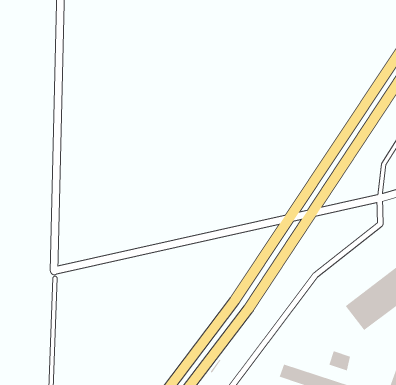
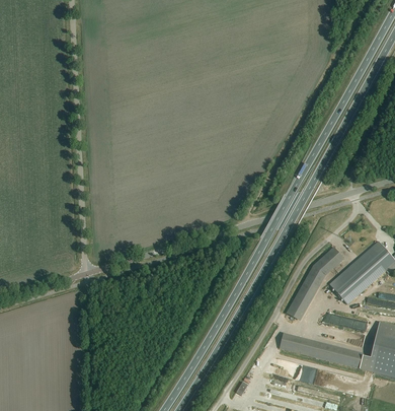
building: none -> [286,247,343,319]

